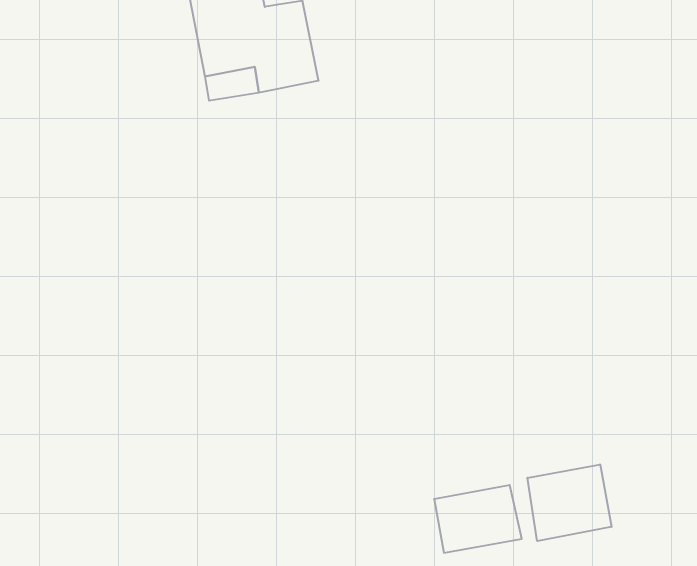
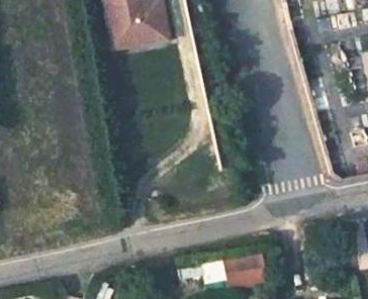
building: [527,464,612,541] -> none

